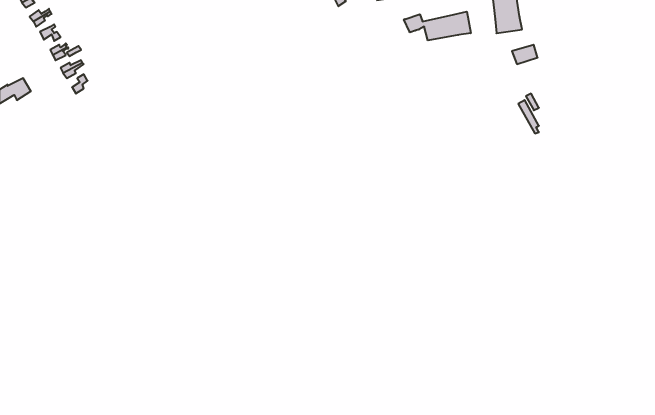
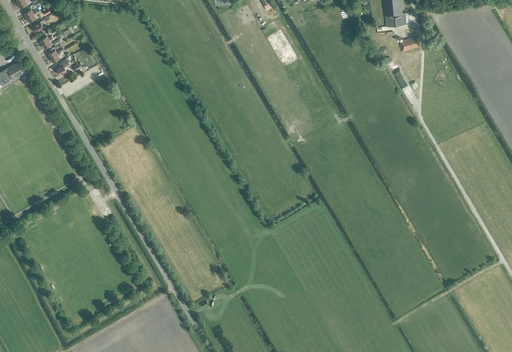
building: [404,12,471,40] -> none

